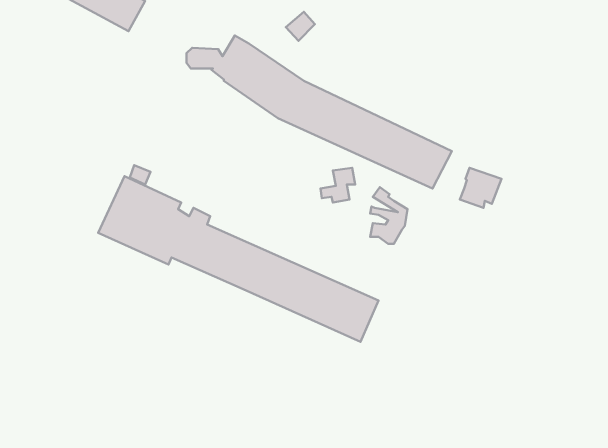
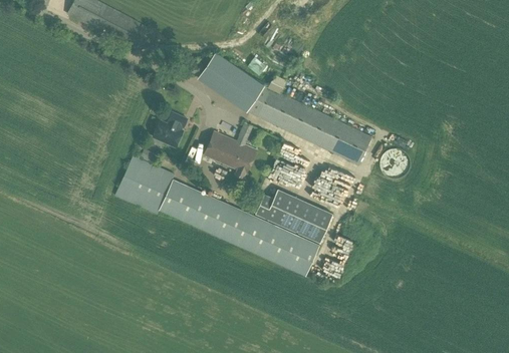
building: none -> [152,110,188,147]
building: none -> [204,122,256,179]
building: none -> [256,189,332,242]

